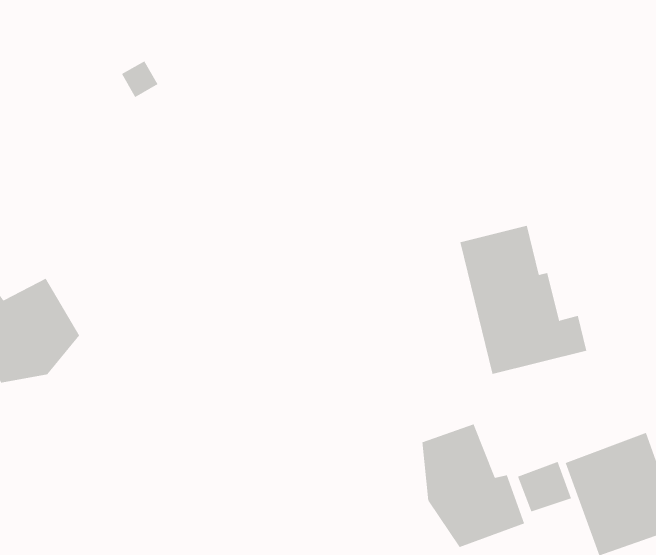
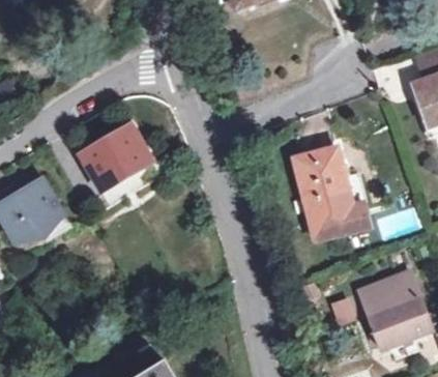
building: none -> [80,125,151,187]
building: [422,423,525,548] -> none

